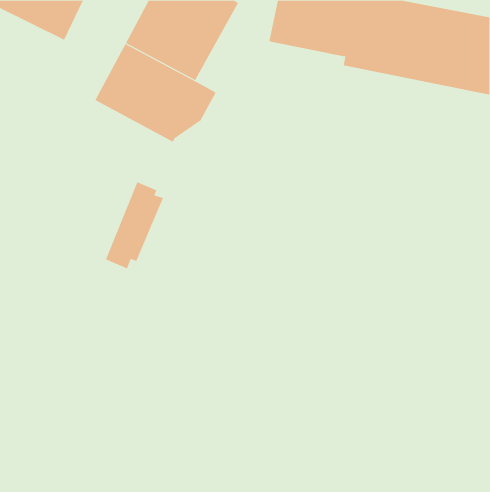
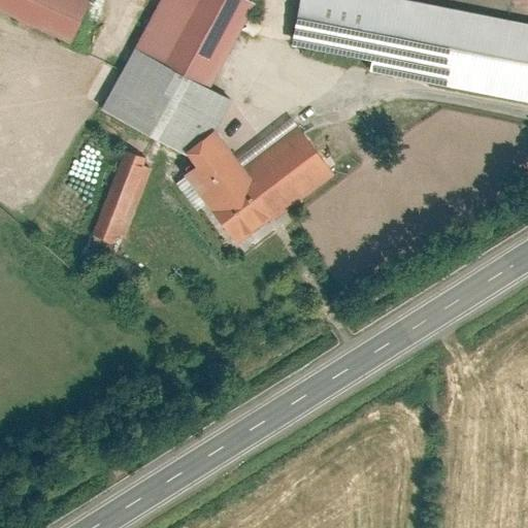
building: none -> [188,123,336,245]
building: [105,182,164,269] -> [89,150,152,243]

